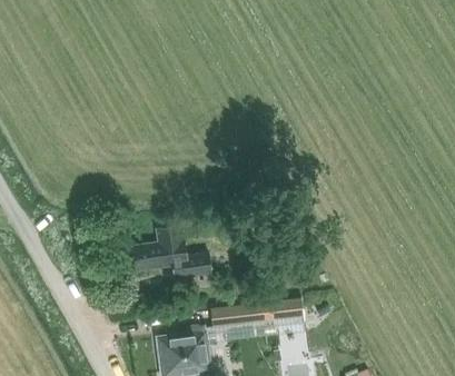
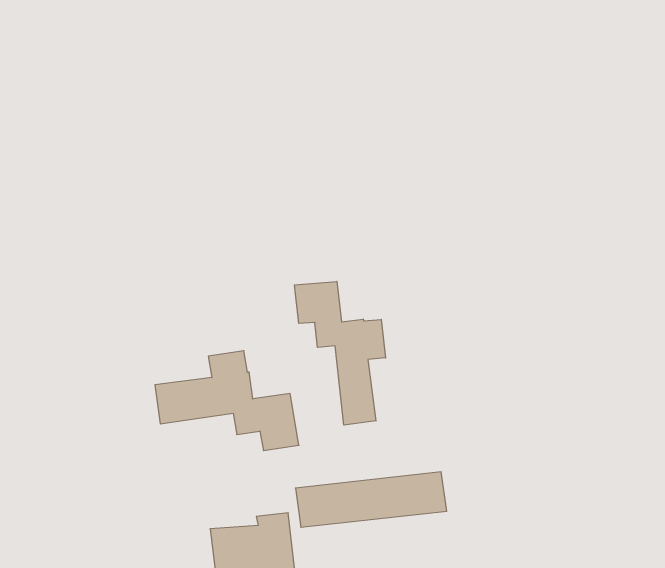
building: none -> [295,281,386,425]

